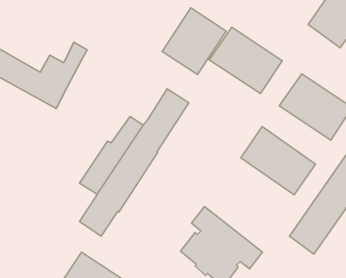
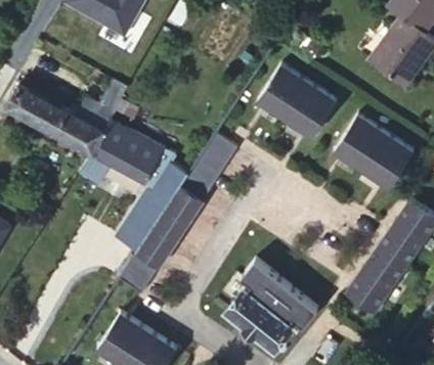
building: [162,8,226,75] -> none
building: none -> [78,124,175,193]
building: [241,126,316,195] -> none

